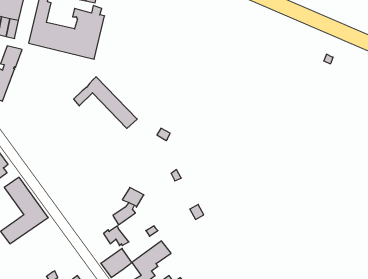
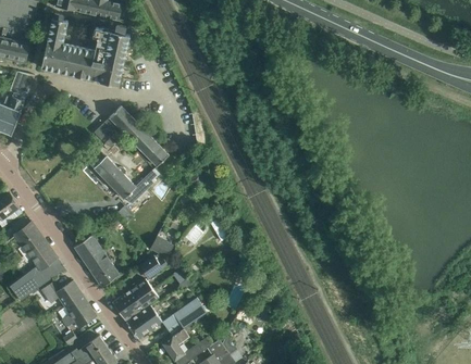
building: none -> [95,158,160,204]
building: none -> [74,235,120,288]
building: none -> [41,281,97,328]
building: none -> [112,290,151,322]

